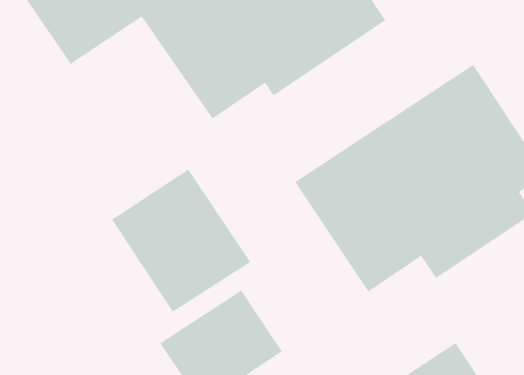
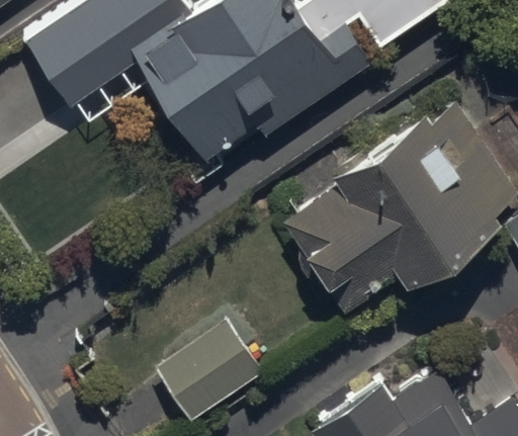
building: [111,168,251,313] -> none

